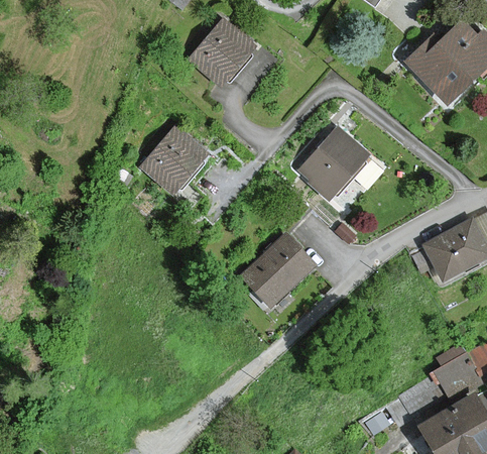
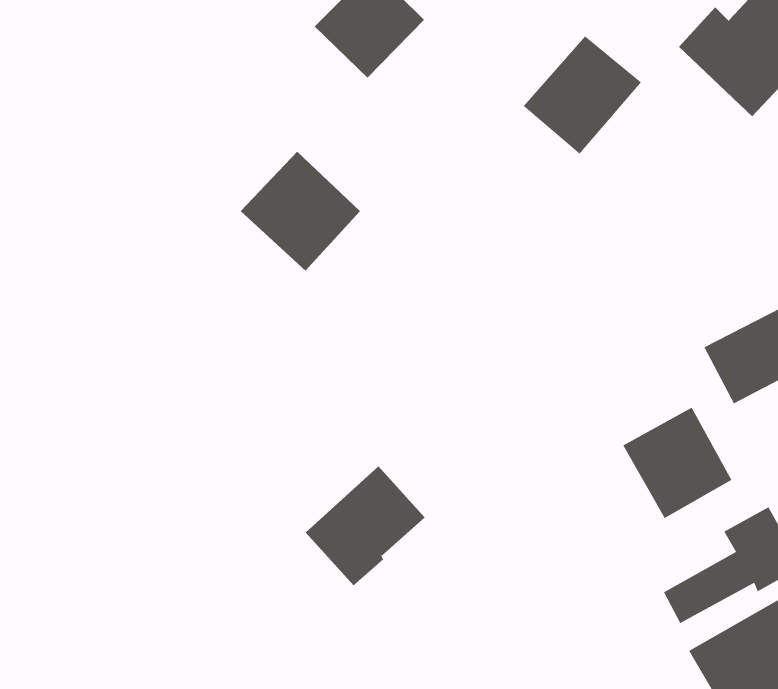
building: [299,128,371,200] -> [523,35,642,155]
building: [240,235,313,308] -> [305,466,426,586]
building: none -> [623,407,732,519]

